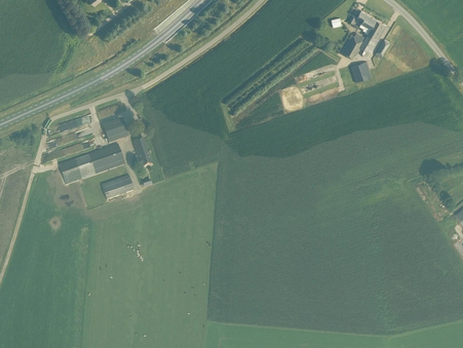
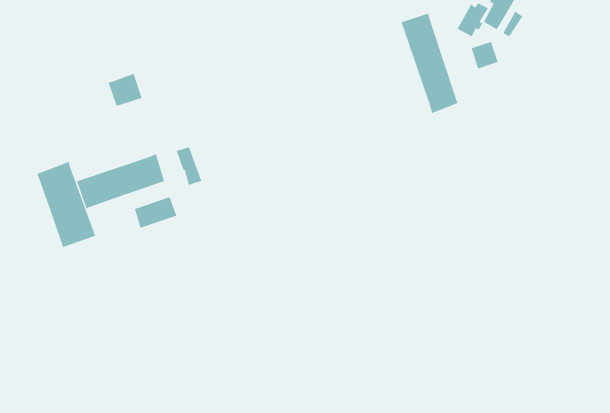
building: none -> [401,13,458,114]
building: [102,117,127,142] -> [108,73,143,106]
building: none -> [37,161,96,248]

